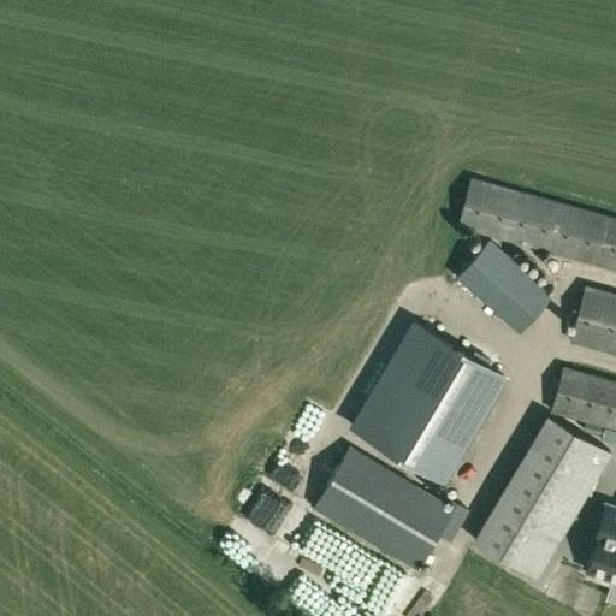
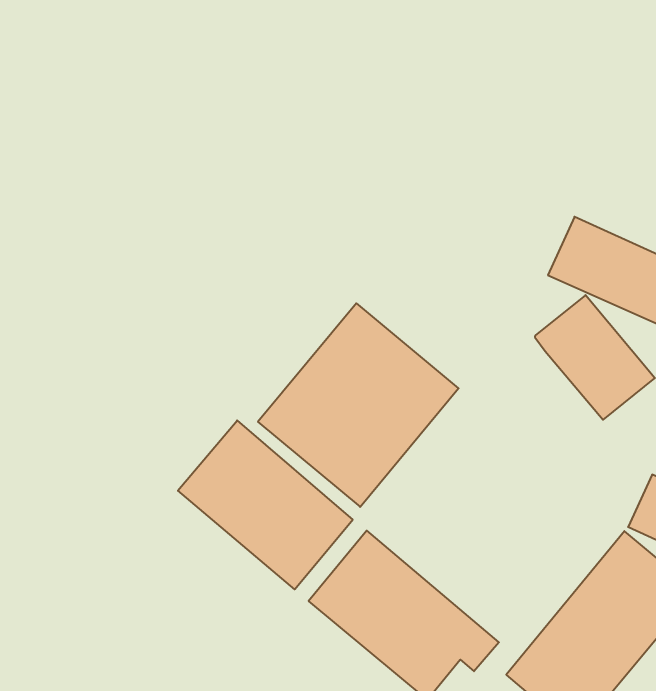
building: [357,331,508,487] -> [258,303,459,507]
building: none -> [178,420,353,589]

